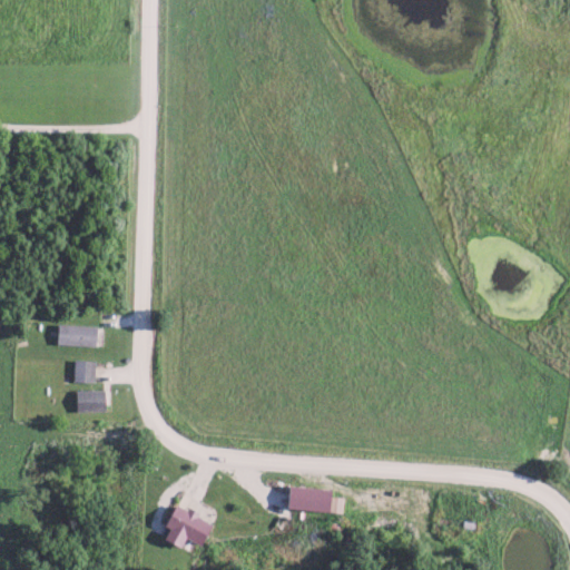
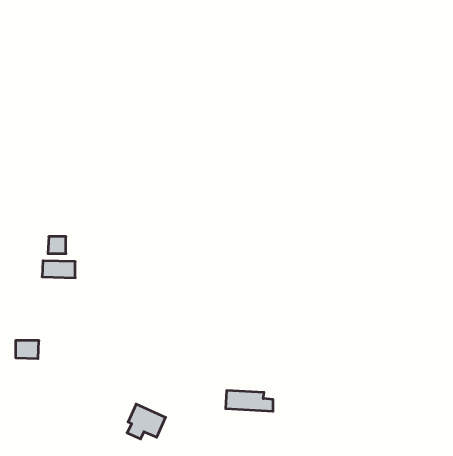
building: [76,362,98,383] -> [48,237,66,254]
building: [78,391,107,413] -> [16,341,39,359]

